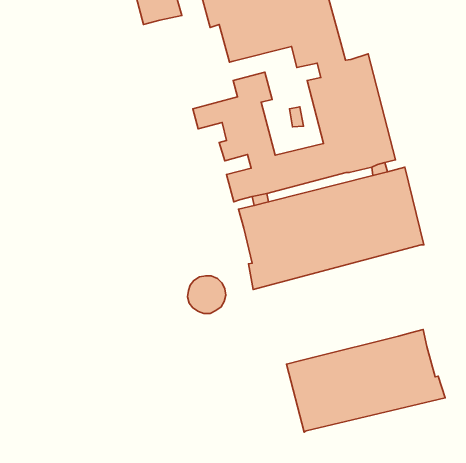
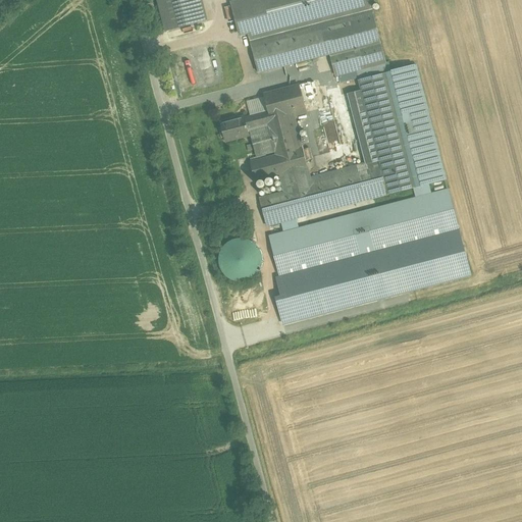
building: [187,276,226,313] -> [222,238,265,279]
building: [286,330,445,432] -> none

